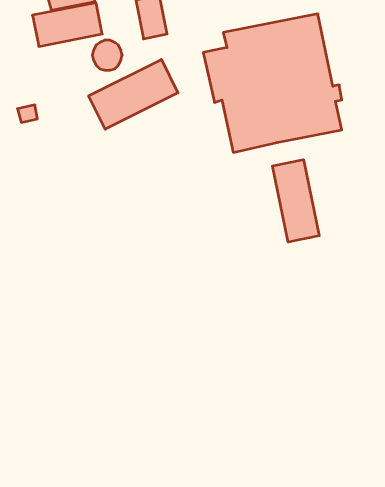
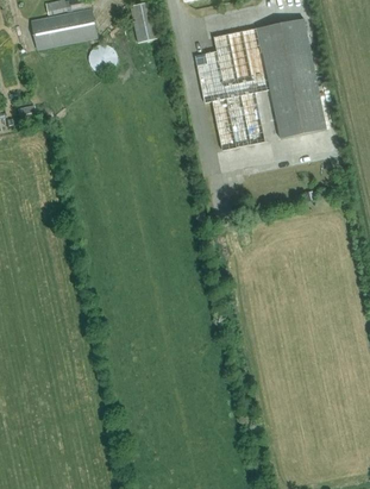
building: [89,59,178,129] -> none
building: [272,160,319,242] -> none

